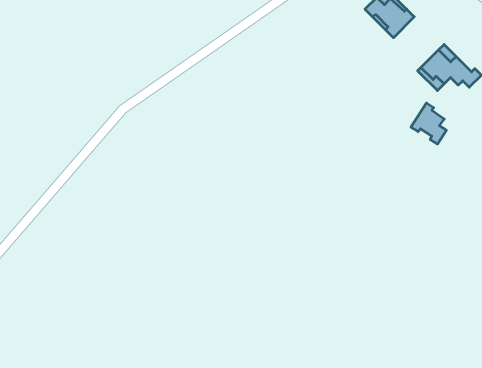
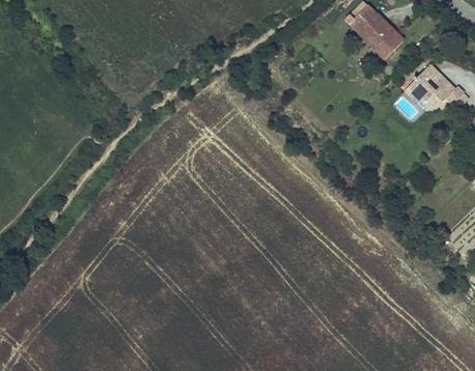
building: [411,103,446,144] -> none

